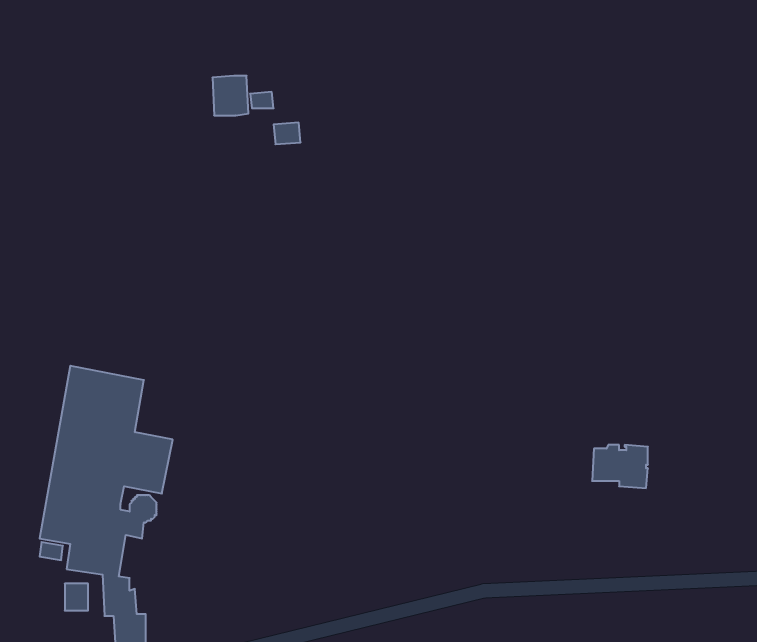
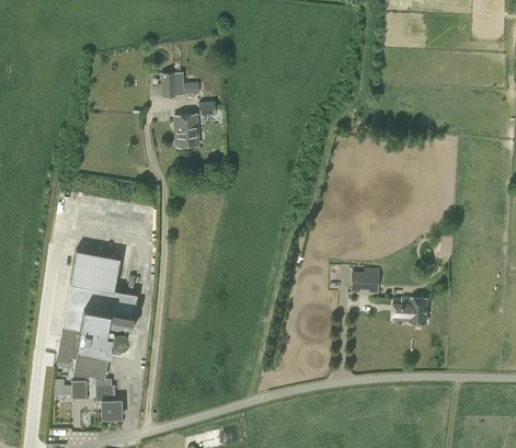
building: none -> [175,115,199,147]
building: none -> [352,274,378,292]

